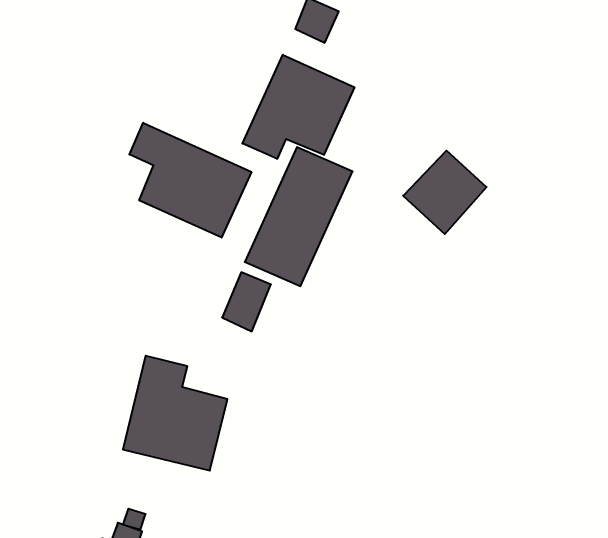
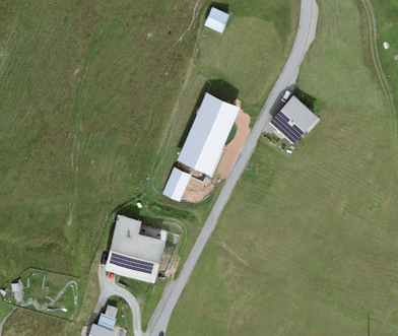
building: [242,55,354,159] -> none
building: [129,123,251,238] -> none

